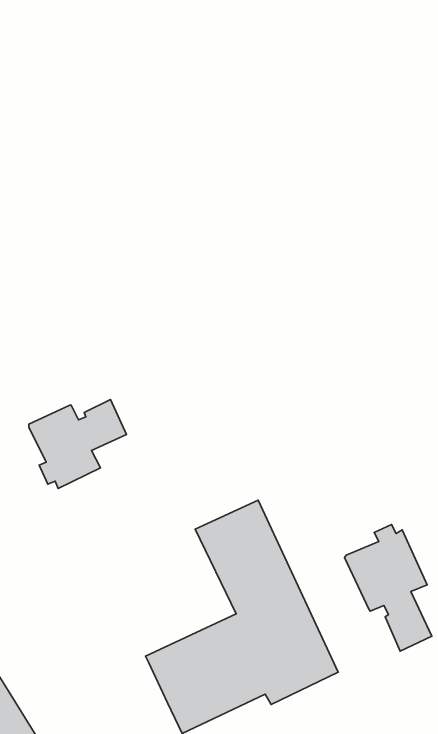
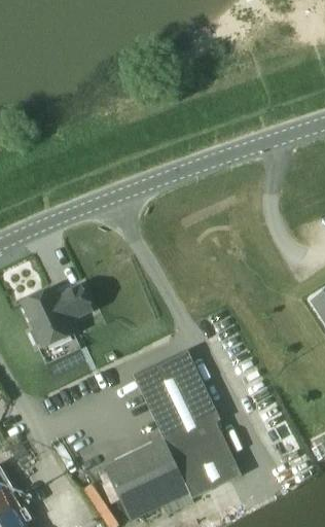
building: [345,524,432,651] -> none

